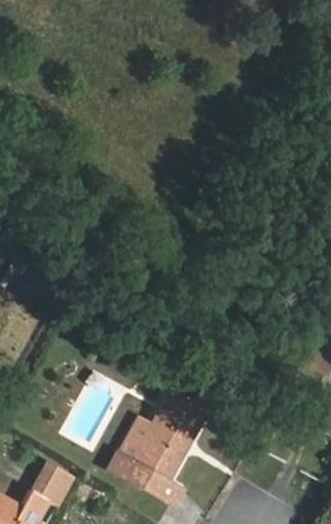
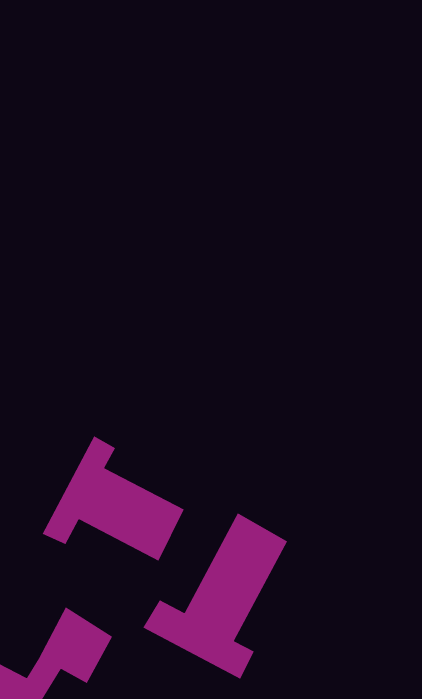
building: none -> [41,435,185,562]

